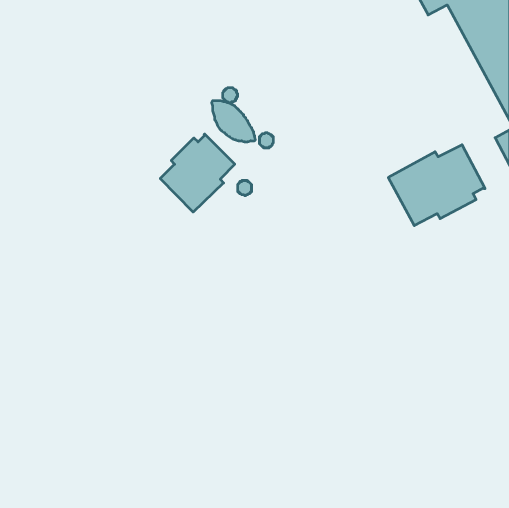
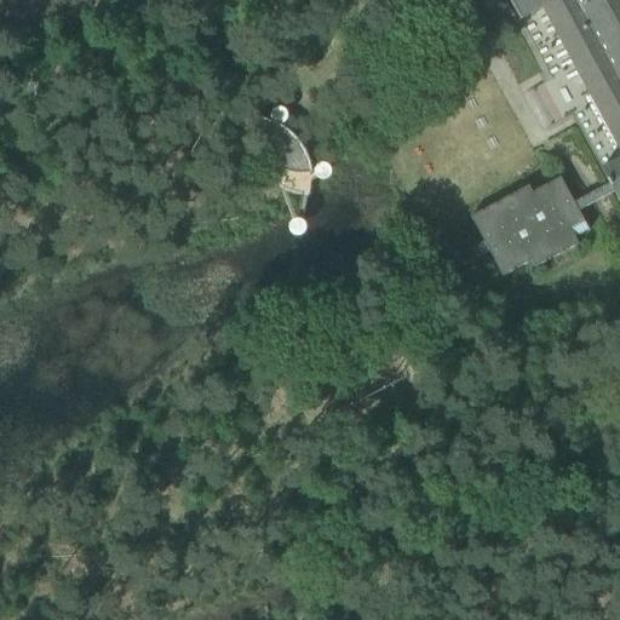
building: [160,134,235,212] -> none

